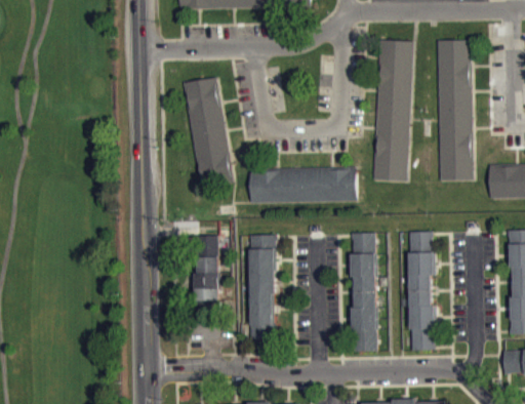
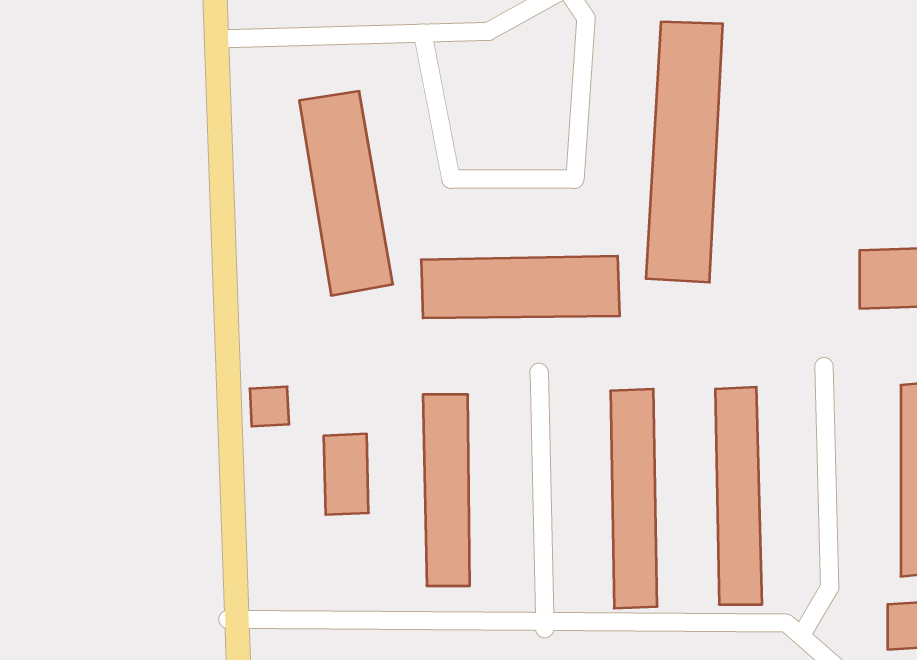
building: [437,36,473,175] -> none
building: [197,239,218,260] -> [250,387,289,426]

